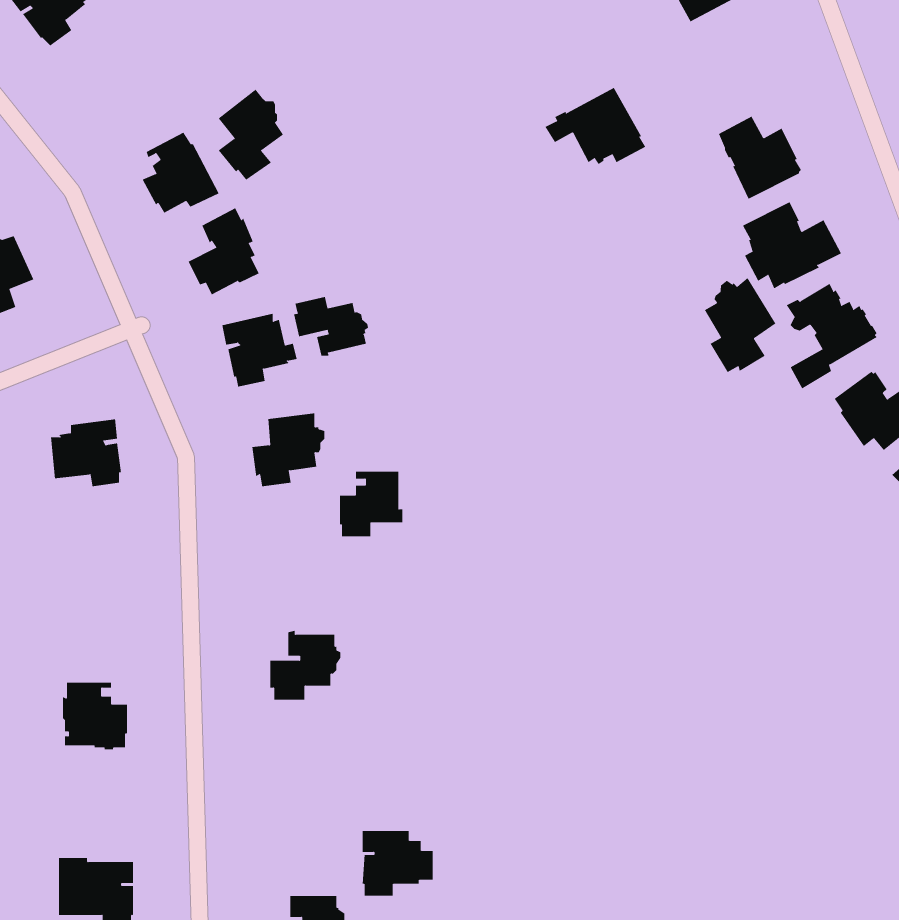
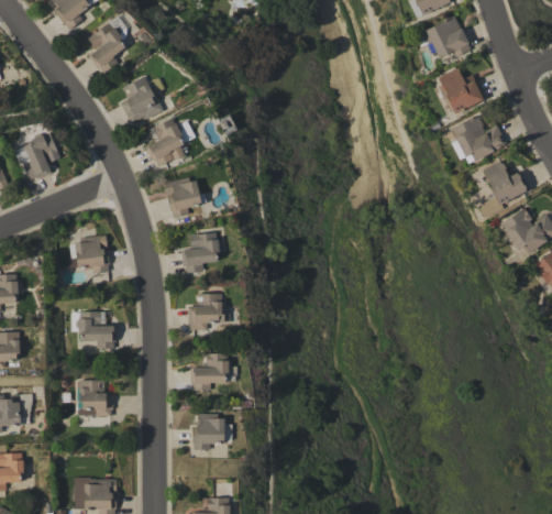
building: [544,87,646,165] -> [415,15,471,58]
building: [218,89,284,180] -> [88,22,124,73]
building: [704,277,776,373] -> none
building: [293,296,369,356] -> none
building: [339,471,403,537] -> [188,293,223,329]
building: none -> [70,308,115,348]
building: [362,830,434,896] -> [191,413,231,449]

